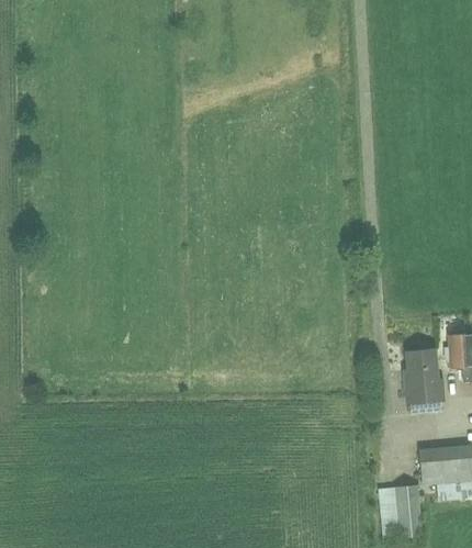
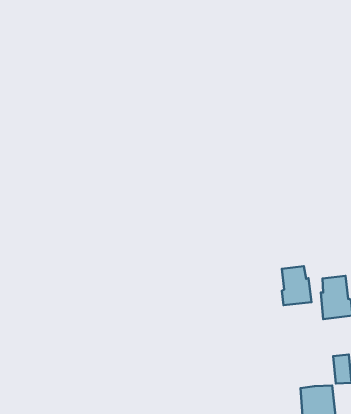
building: none -> [282,266,312,305]

